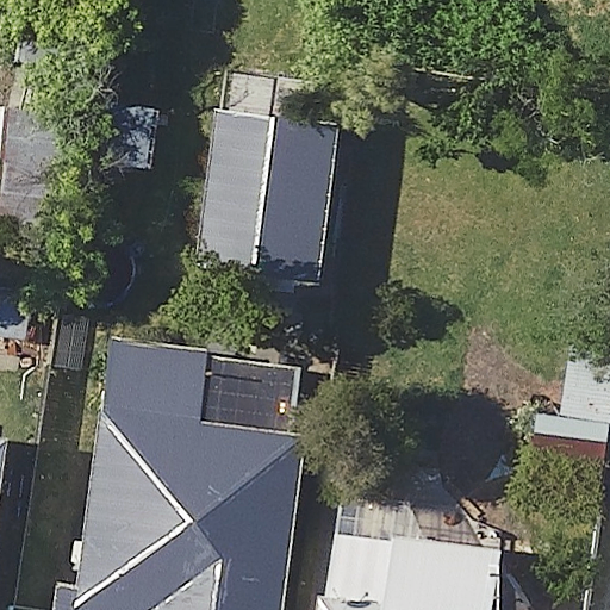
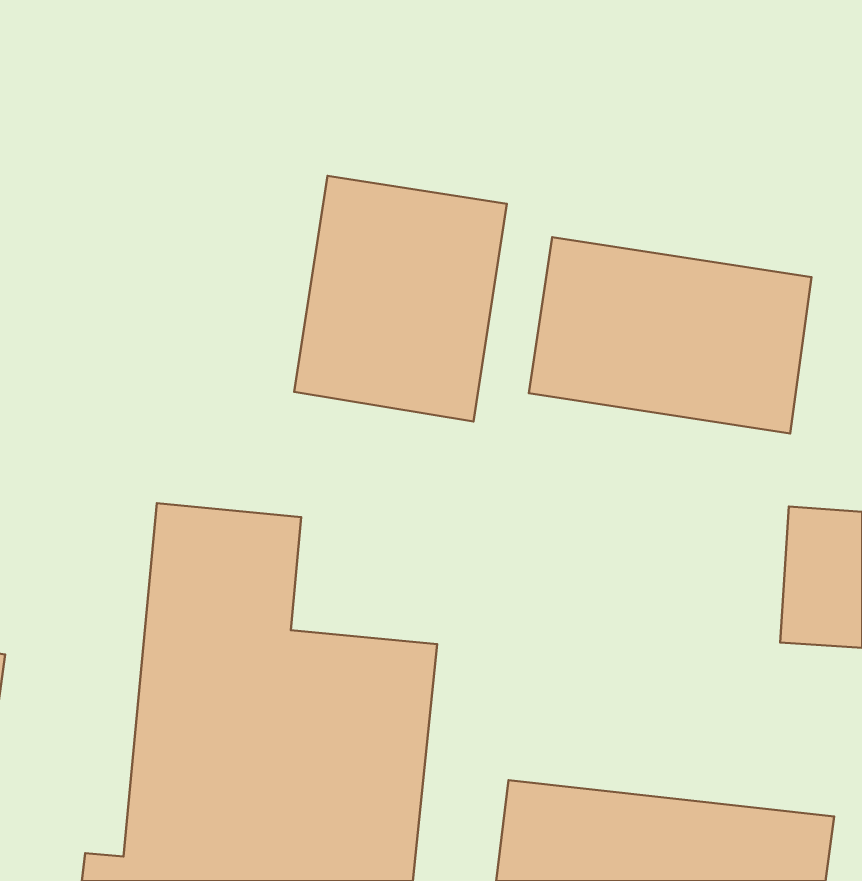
building: none -> [529,237,812,433]

